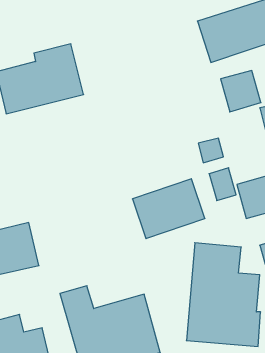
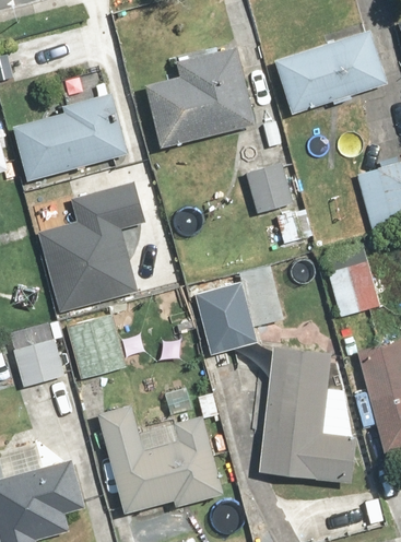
building: none -> [145,45,256,146]
building: [221,71,261,112] -> [241,162,294,215]
building: none -> [37,180,143,304]
building: none -> [61,314,122,382]

